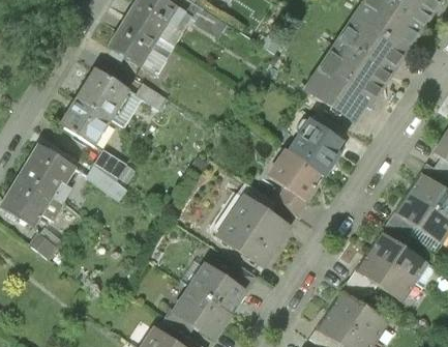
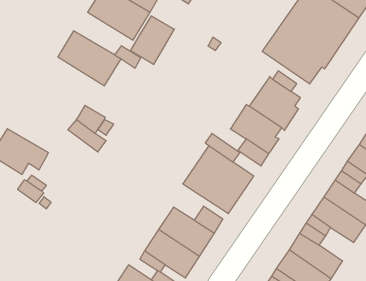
building: none -> [130,16,174,65]
building: [57,95,113,148] -> none
building: [19,144,76,202] -> none

